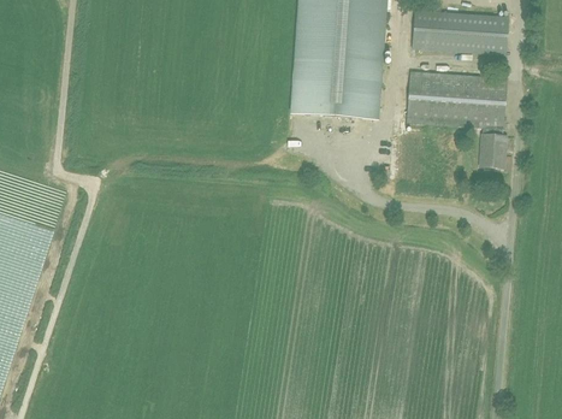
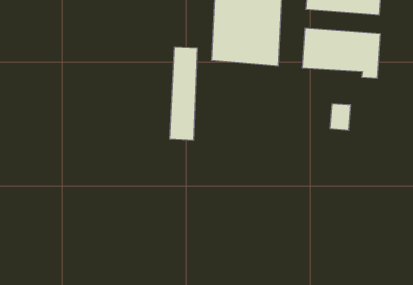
building: none -> [170,47,197,140]
building: [481,134,508,167] -> [330,104,351,130]

